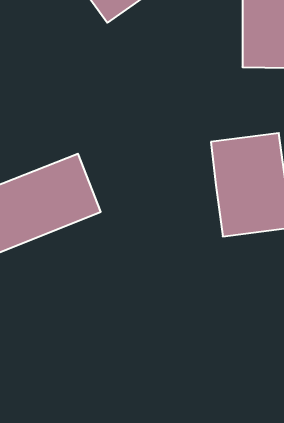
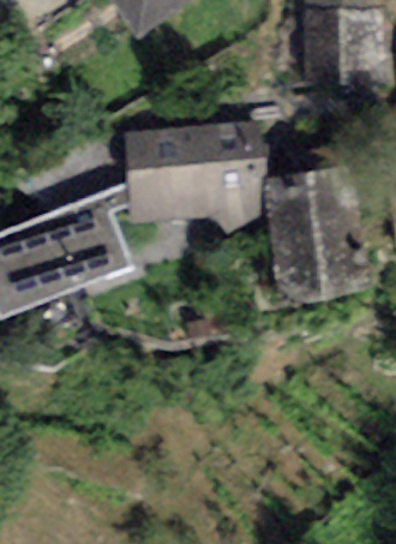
building: none -> [120,120,271,239]

